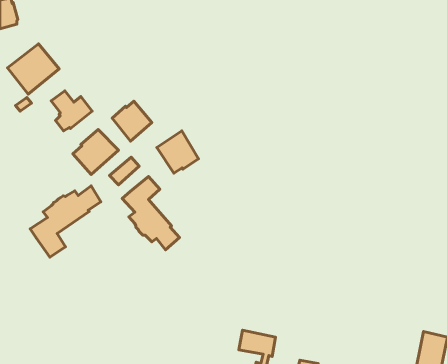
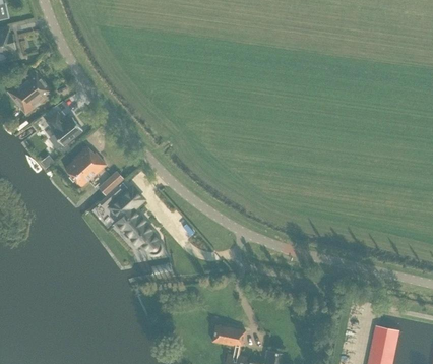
building: [112,101,152,141] -> none
building: [157,131,198,173] -> none
building: [30,186,101,257] -> none

